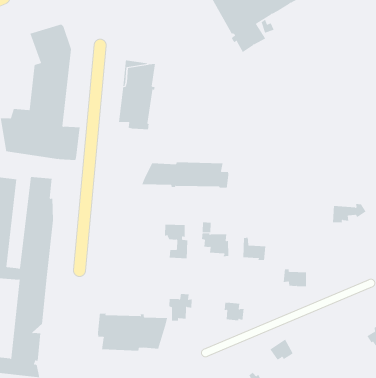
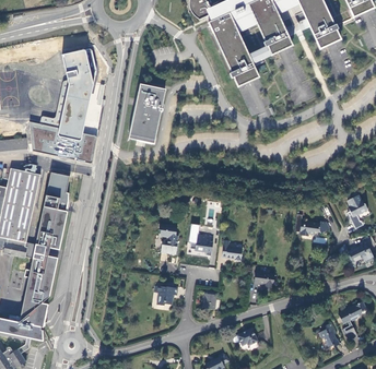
building: [141,161,229,189] -> none
building: [97,313,168,351] -> none

